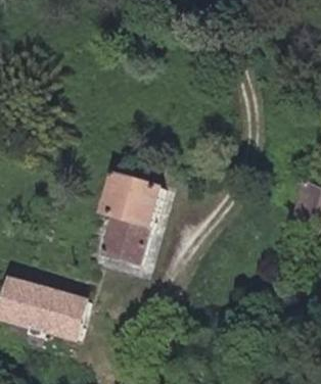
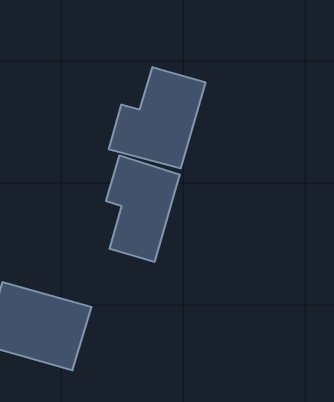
building: none -> [109,67,205,168]

